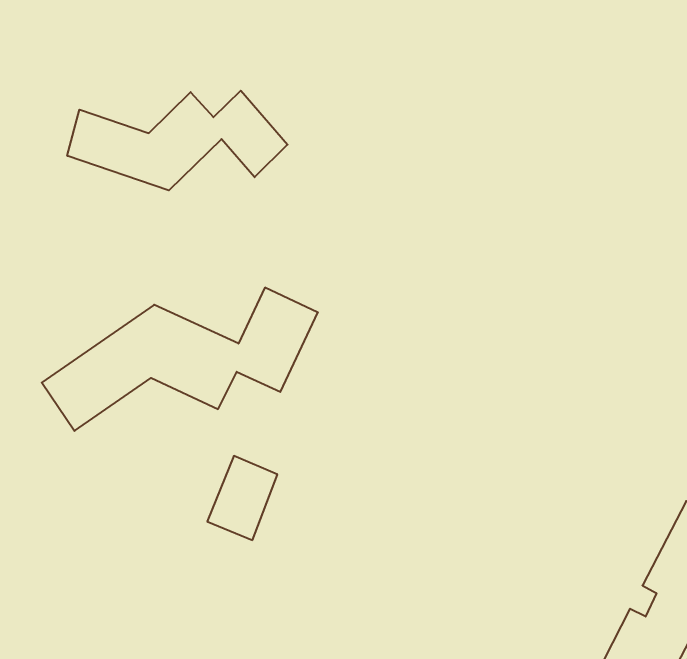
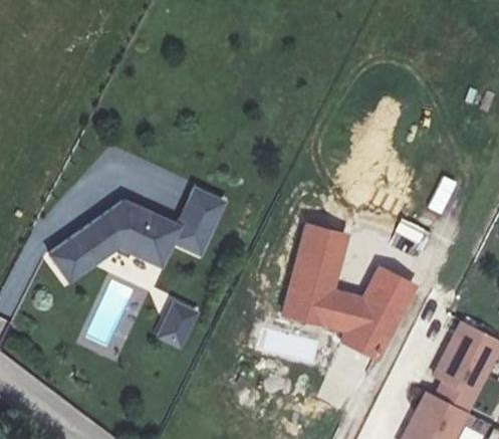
building: [67,91,288,190] -> none
building: none -> [284,228,414,361]

